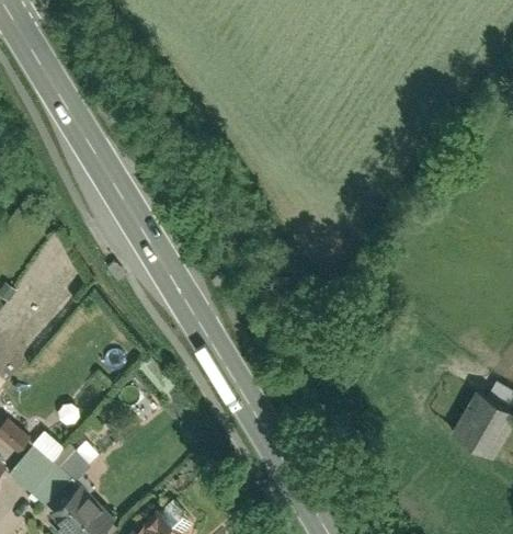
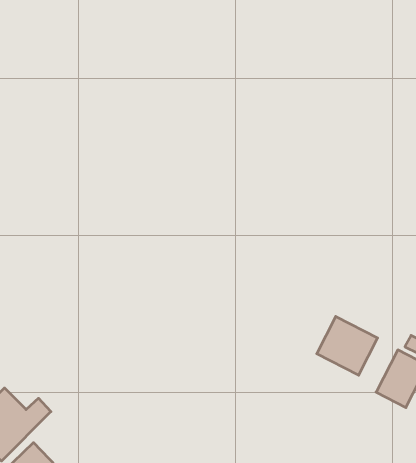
building: none -> [317,316,378,375]

